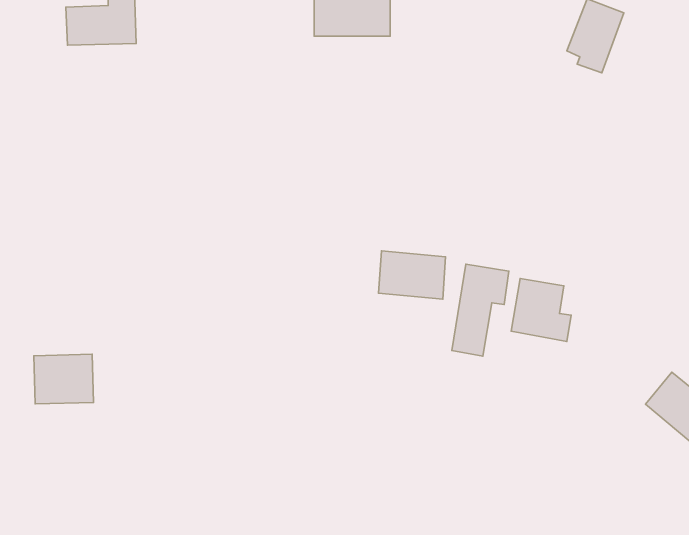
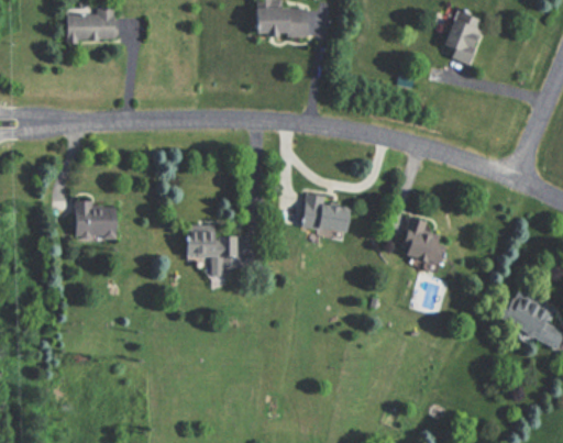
building: [452,264,509,356] -> none
building: none -> [185,229,240,276]
building: [34,354,94,404] -> [74,203,119,241]

